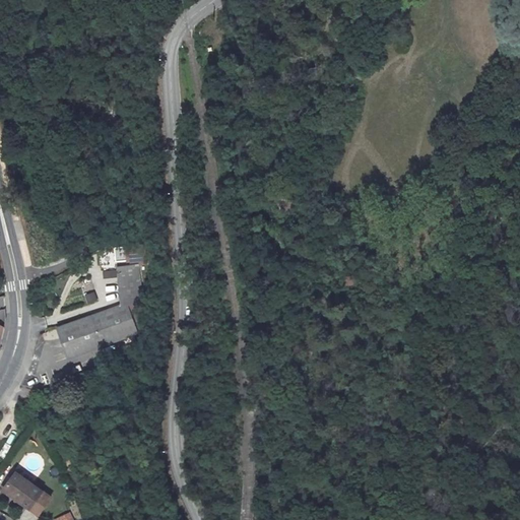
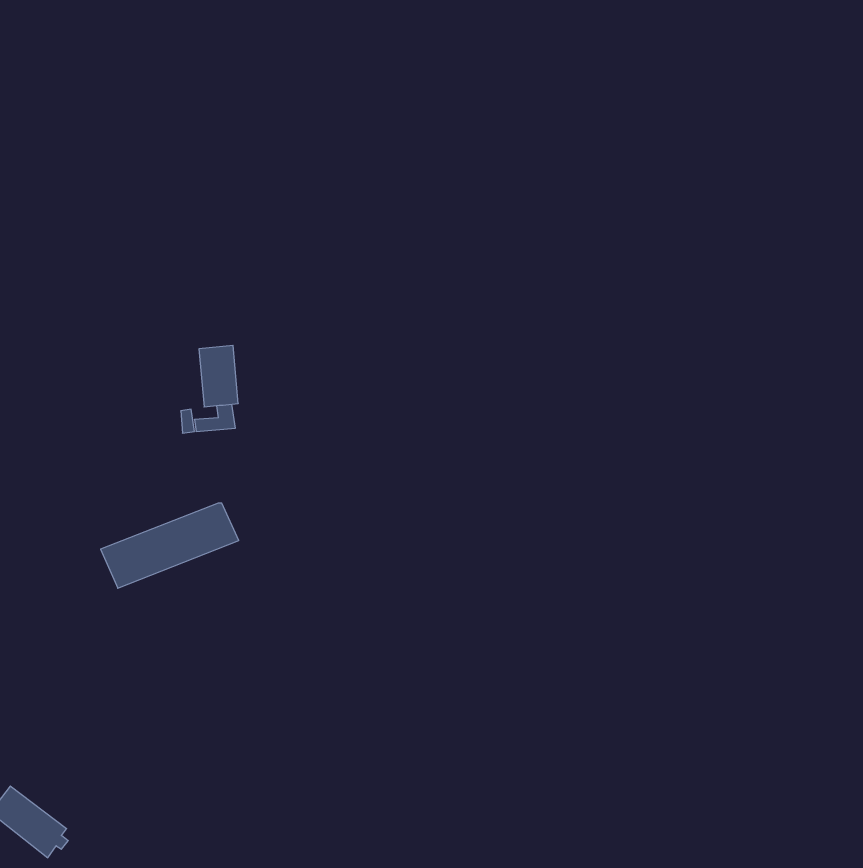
building: [118,264,141,301] -> [199,345,238,407]

